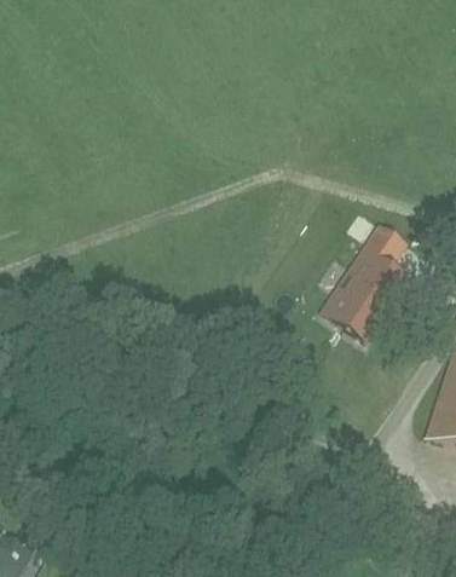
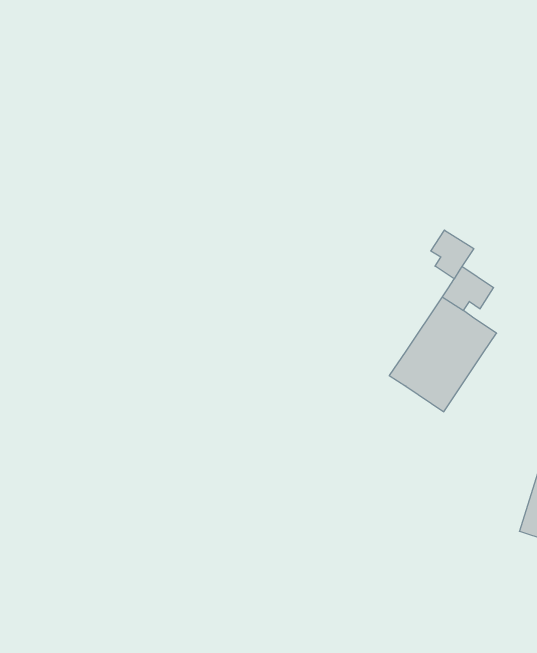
building: none -> [431,230,474,279]

